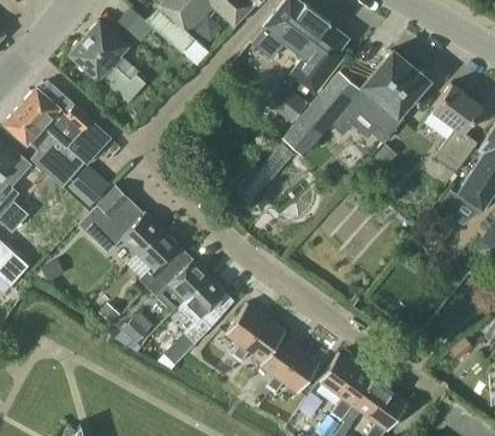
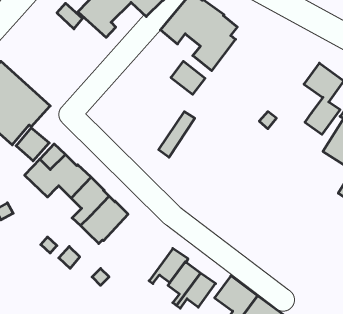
building: [68,20,144,102] -> none
building: [282,52,427,156] -> none
building: [178,275,233,344] -> none
building: [225,304,266,359] -> none

